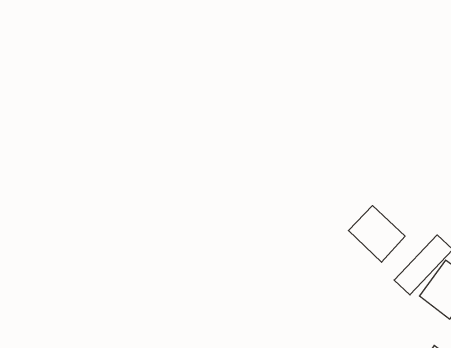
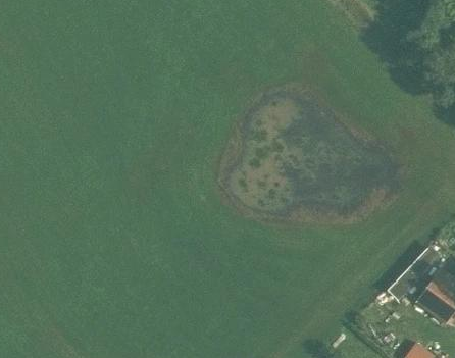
building: [348,206,405,262] -> none

